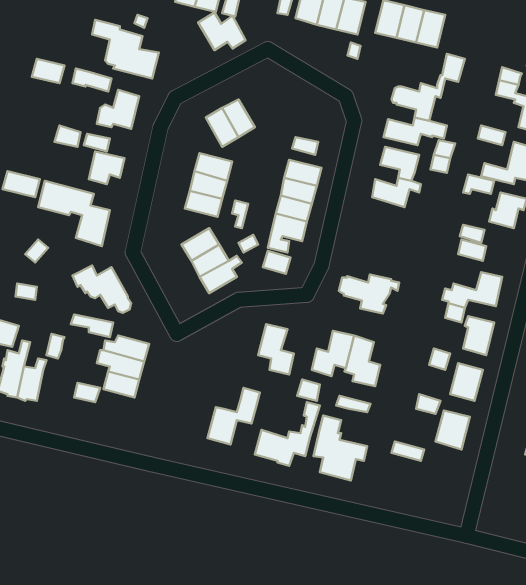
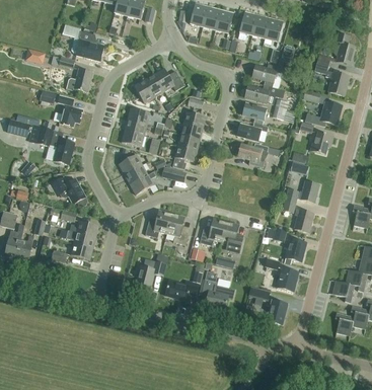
building: [198,13,245,50] -> [154,68,183,91]
building: [339,274,399,313] -> [235,143,273,167]
building: none -> [145,210,171,238]
building: none -> [266,299,288,325]

